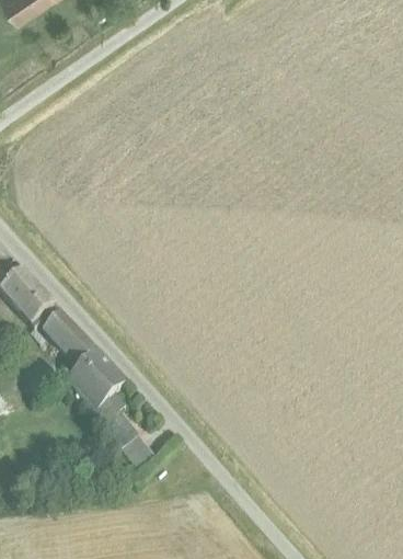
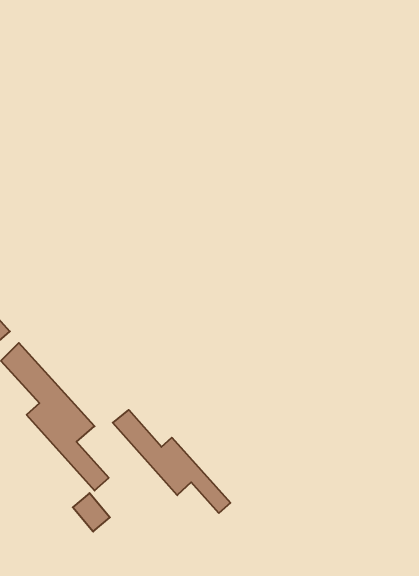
building: none -> [113,410,230,513]

